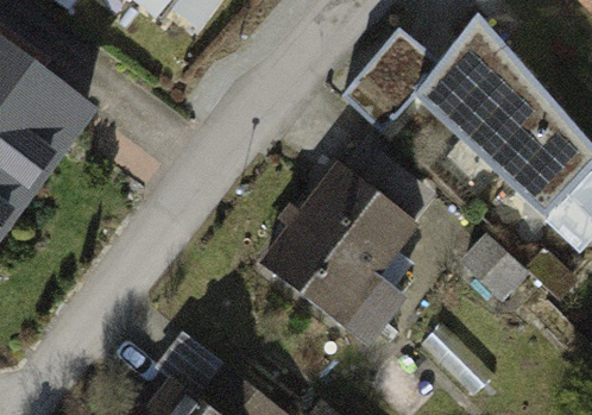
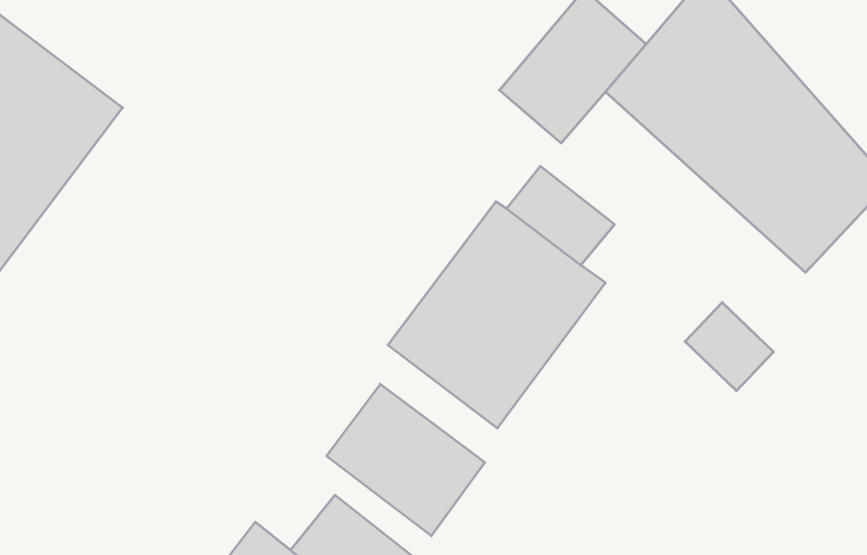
building: none -> [327,384,485,536]

